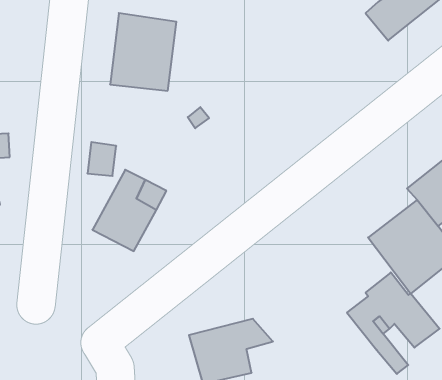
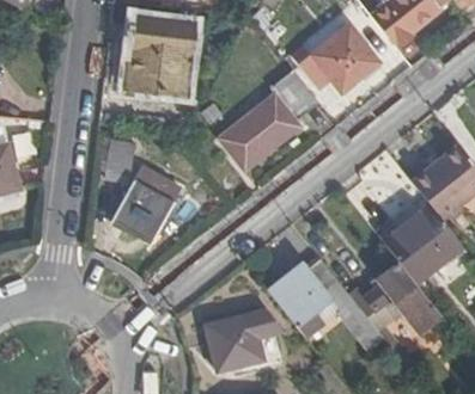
building: none -> [312,25,379,93]
building: none -> [219,70,319,171]
building: none -> [268,259,383,346]

